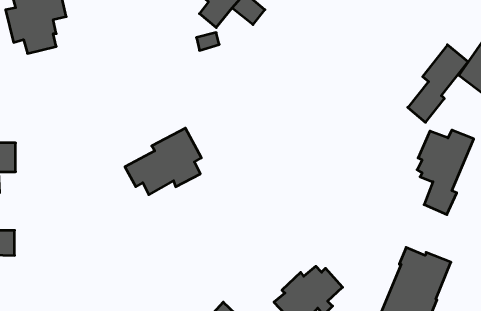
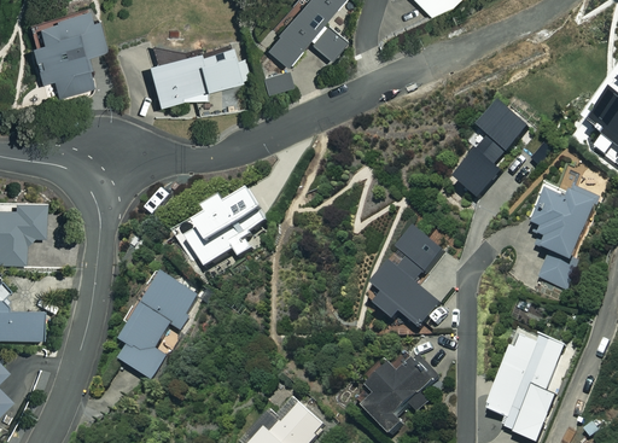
building: none -> [147,46,246,101]
building: [408,45,468,122] -> [455,105,529,199]
building: none -> [375,233,444,330]
building: none -> [119,273,199,380]

